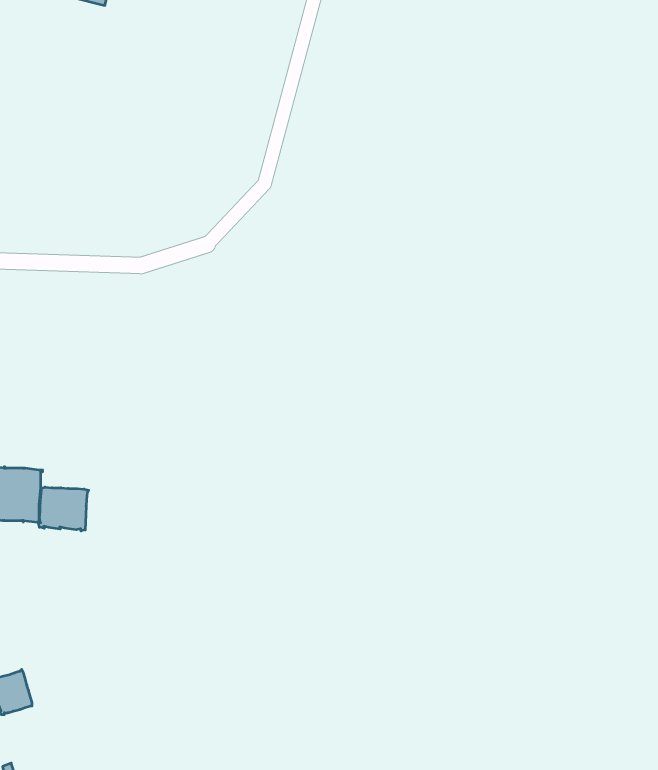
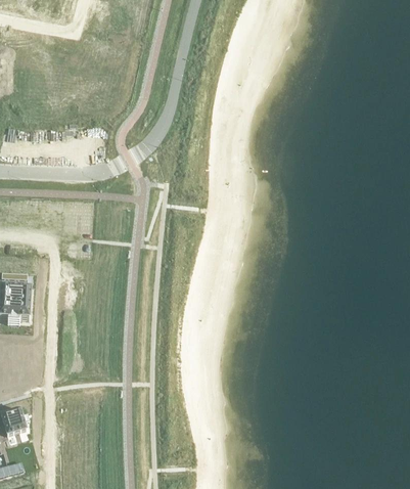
building: [38,487,89,531] -> none

